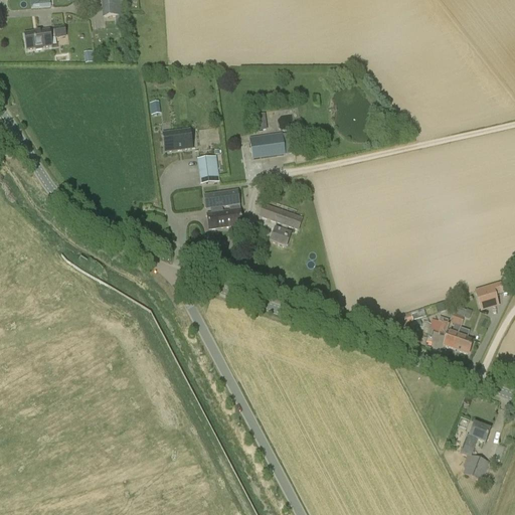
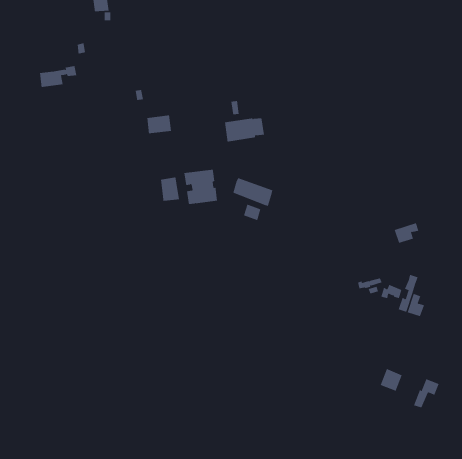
building: [24,23,66,47] -> [39,66,77,87]
building: [197,154,219,182] -> [160,177,180,202]
building: [475,282,503,305] -> [394,223,419,243]
building: [463,453,488,479] -> [380,368,403,392]

